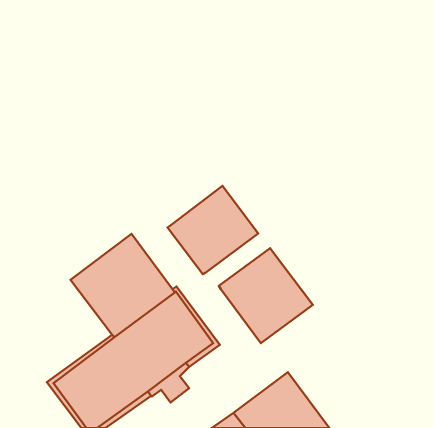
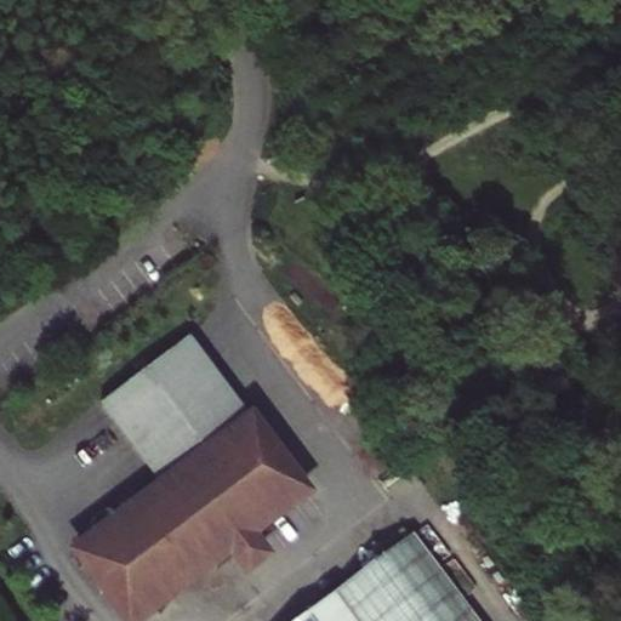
building: [168,186,258,274] -> none
building: [219,248,313,343] -> none

